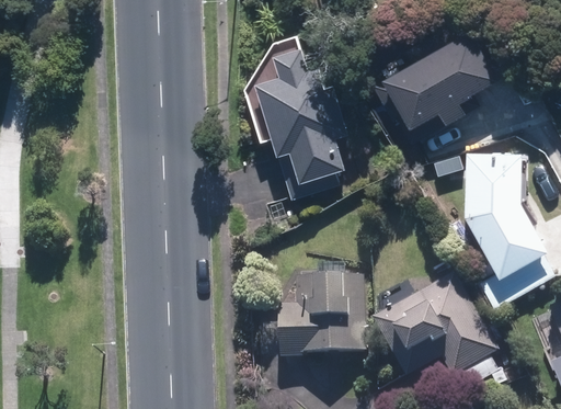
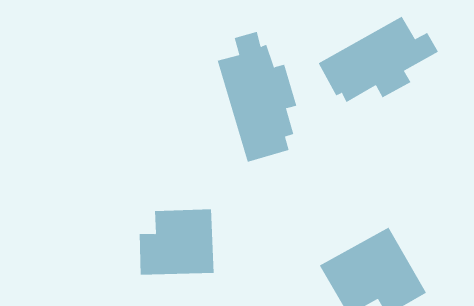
building: [463,150,546,277] -> none
building: [277,279,365,355] -> [139,209,215,275]

